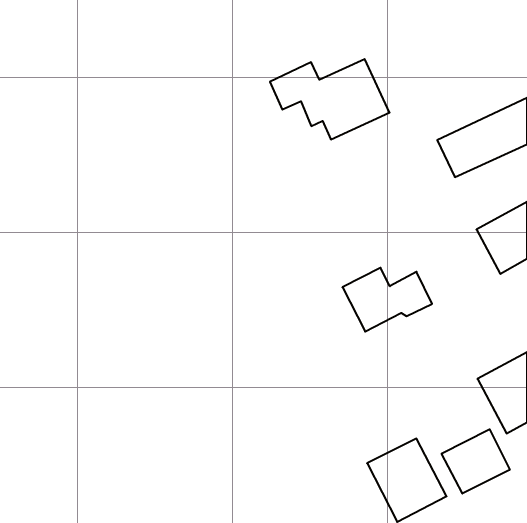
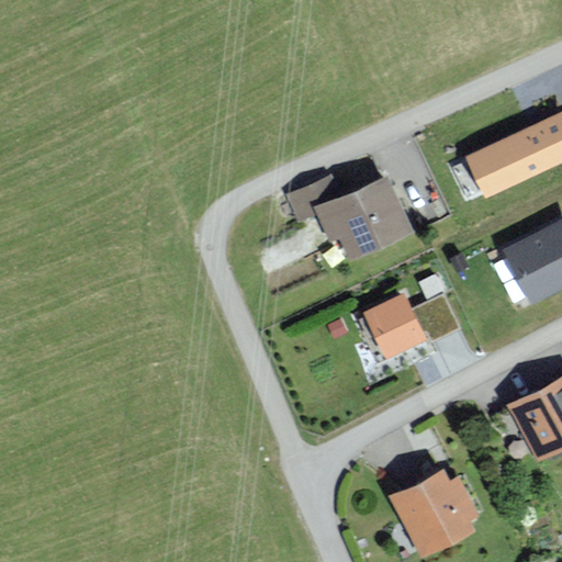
building: [270,59,390,139] -> [286,176,414,261]
building: [442,429,510,494] -> none

